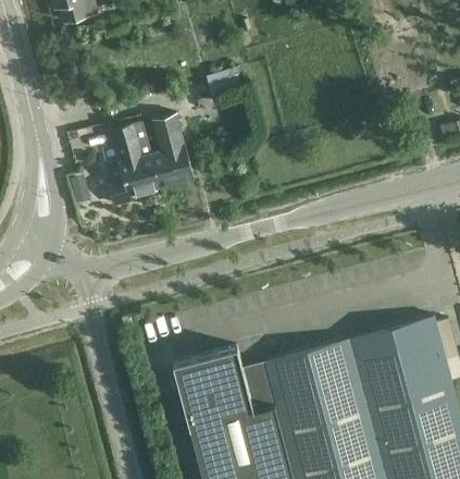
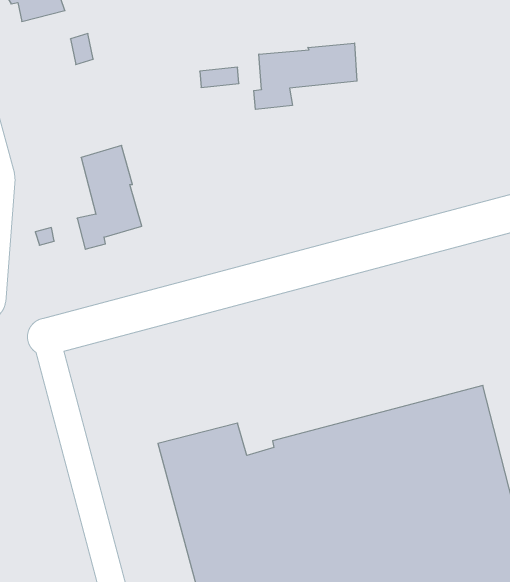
building: none -> [254,43,357,109]
building: [150,116,194,191] -> none

